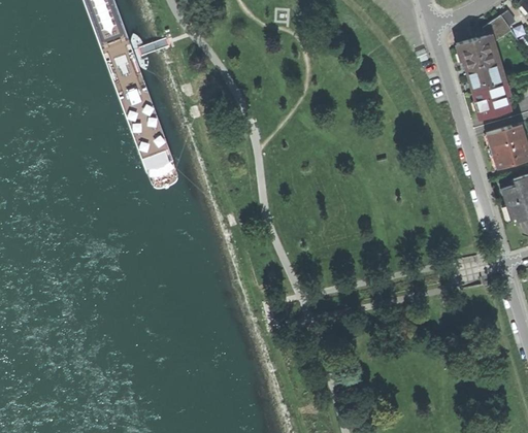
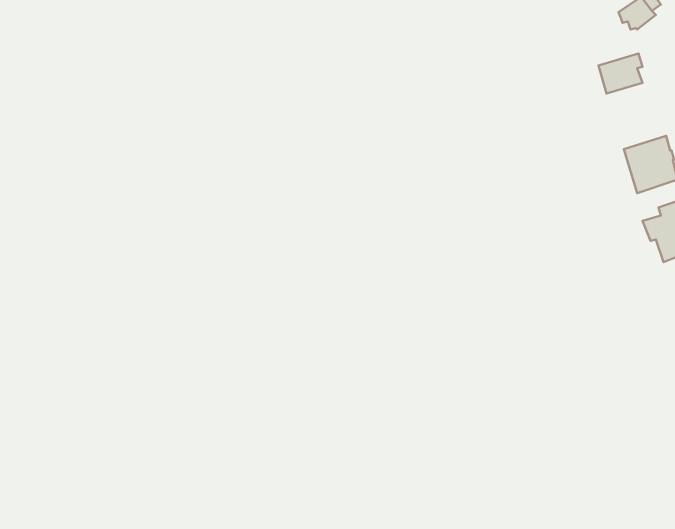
building: [457,32,498,68] -> none
building: [473,81,508,116] -> none

